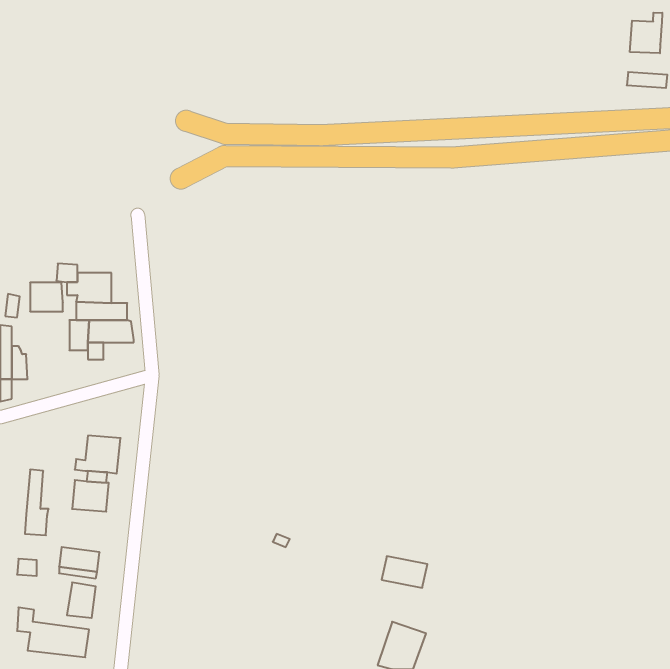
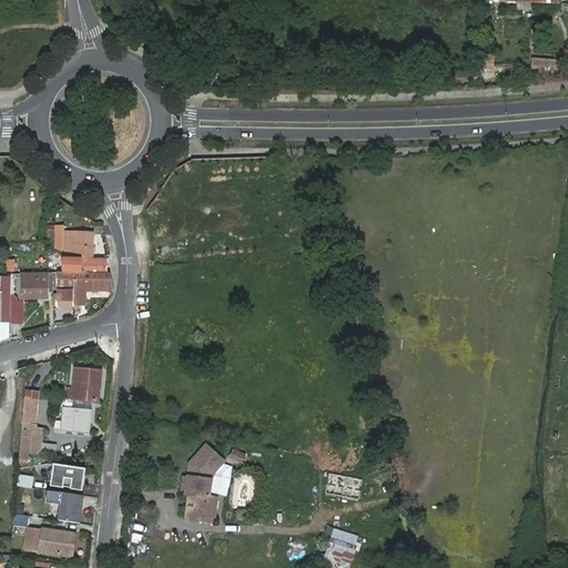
building: [630,13,662,53] -> none
building: [30,283,63,311] -> [21,273,49,297]
building: none -> [184,446,225,524]

